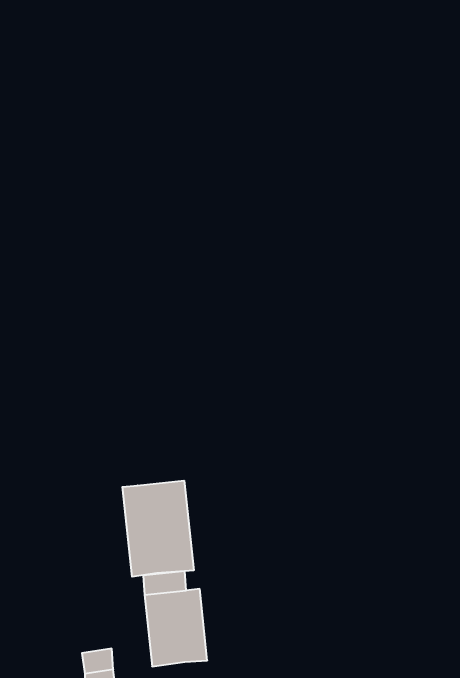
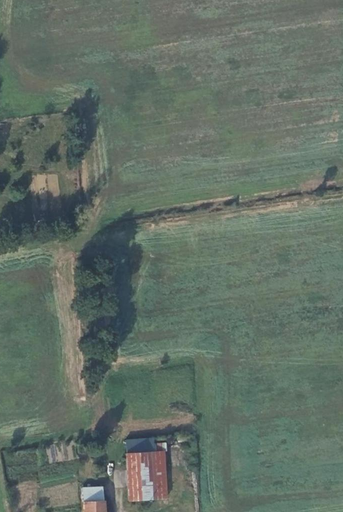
building: [122,481,194,577] -> none

